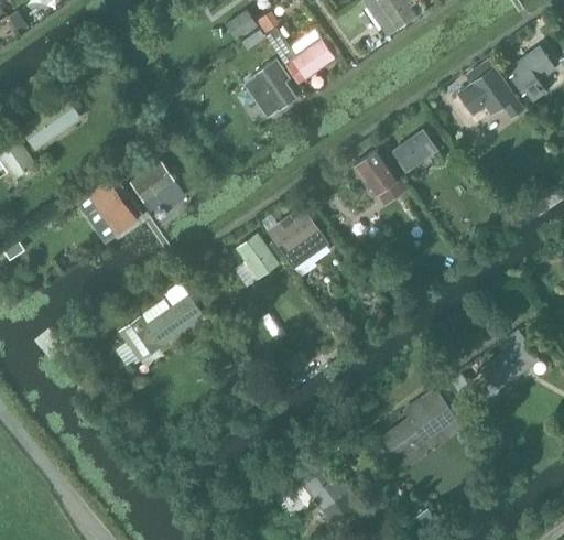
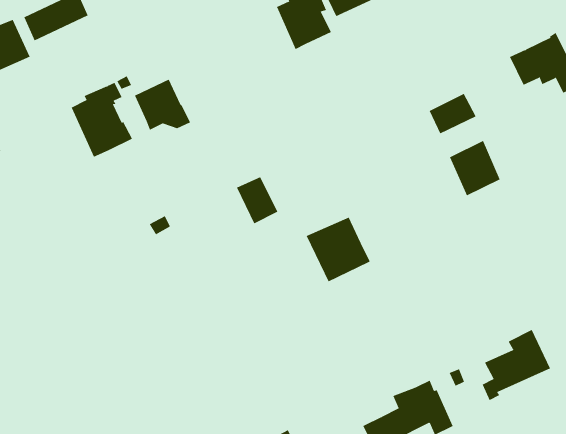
building: [352,147,401,198] -> [449,140,501,196]
building: [267,208,327,269] -> [306,217,370,282]
building: [119,298,203,360] -> none

